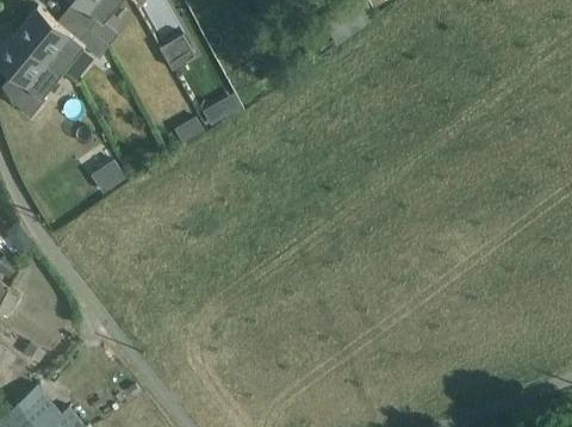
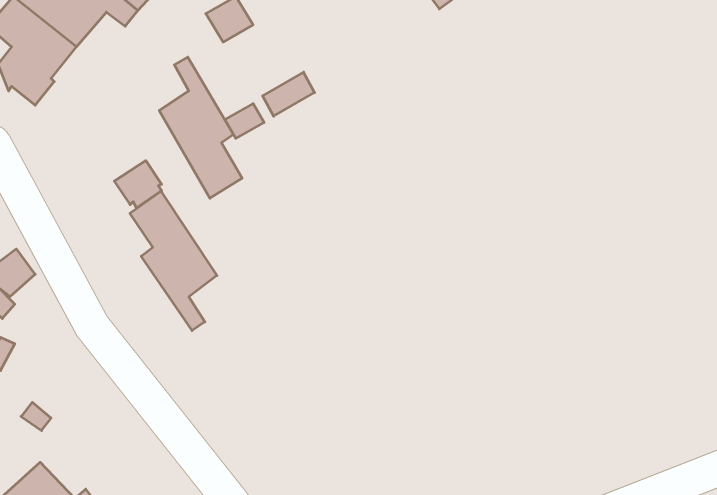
building: none -> [159,57,242,198]
building: none -> [130,191,217,331]

